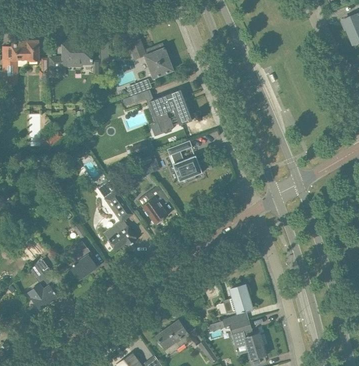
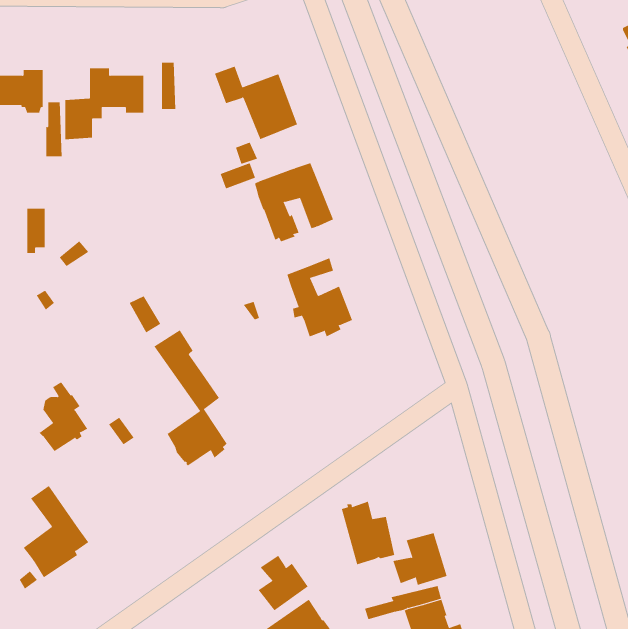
building: [141,184,169,224] -> none
building: [69,241,95,278] -> [39,381,88,452]
building: none -> [341,501,395,565]
building: none -> [258,555,309,611]

